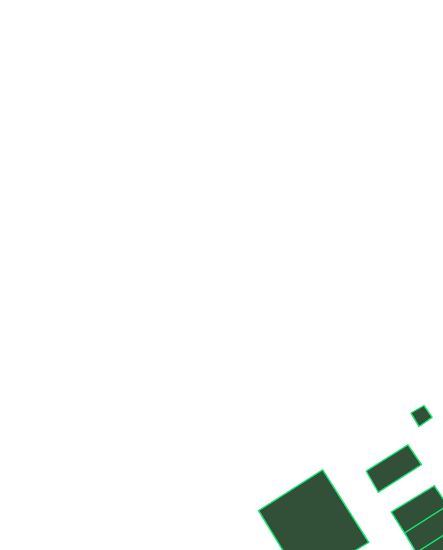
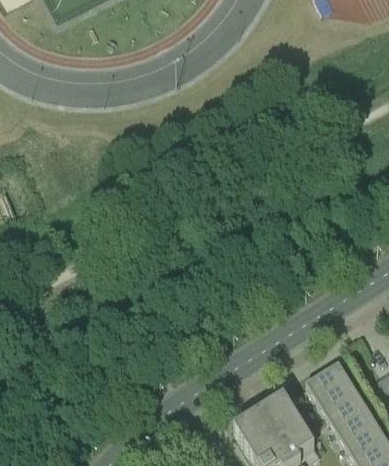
building: none -> [305,361,347,397]
building: none -> [324,392,367,428]

